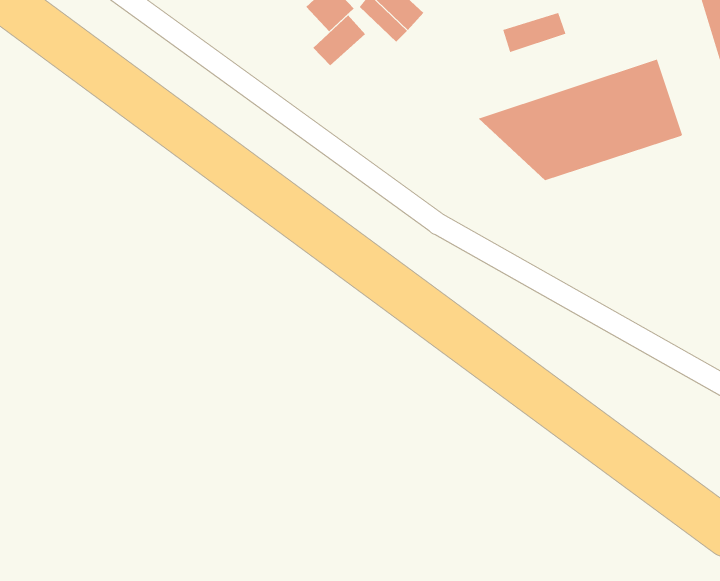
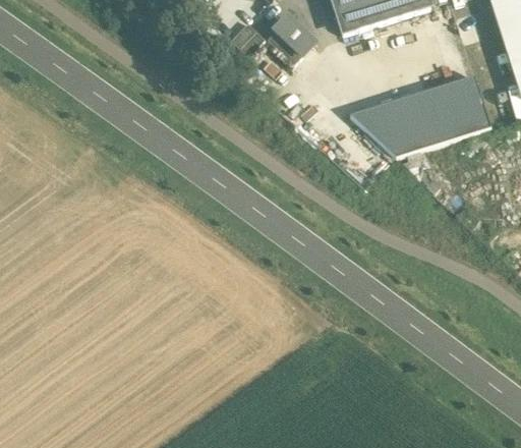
building: [503,12,566,53] -> none
building: [313,14,366,66] -> none

